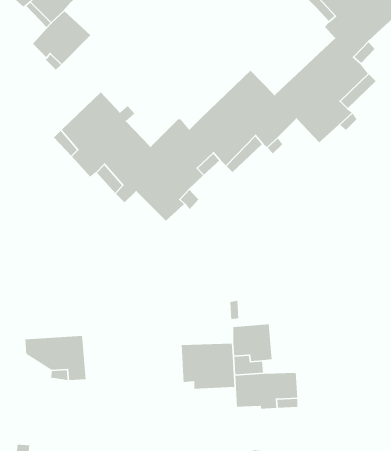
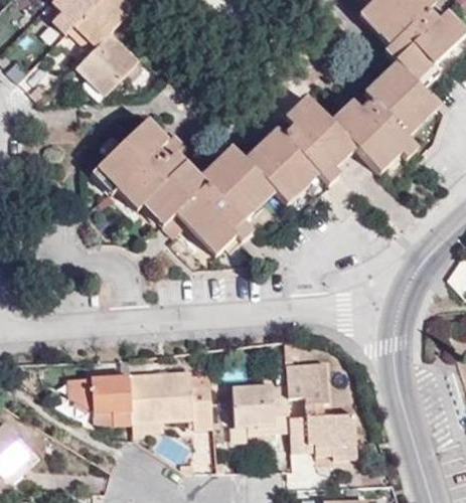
building: none -> [129,371,212,428]

